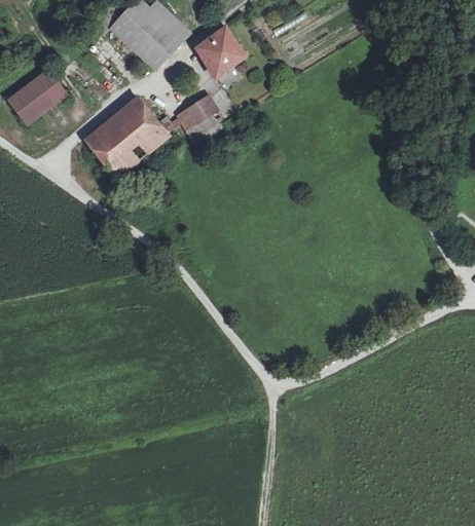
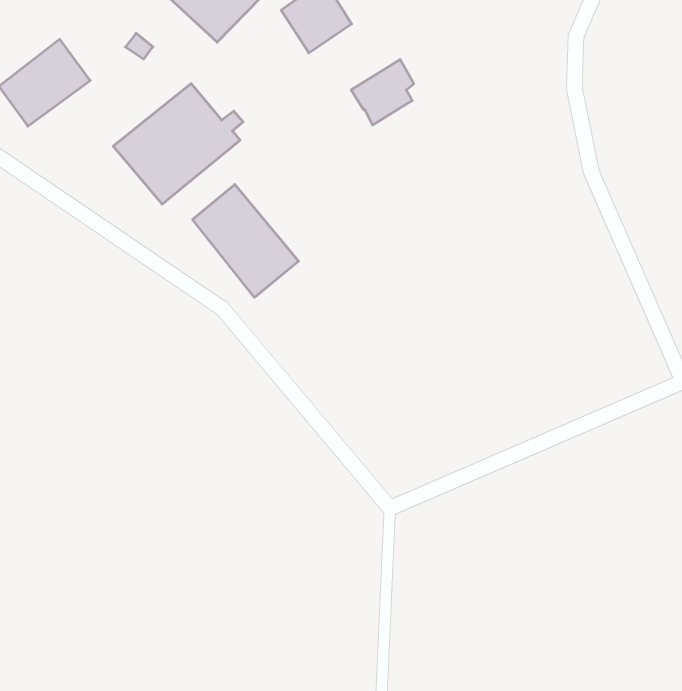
building: [177,95,219,139] -> [351,59,414,125]
building: none -> [193,184,299,297]

